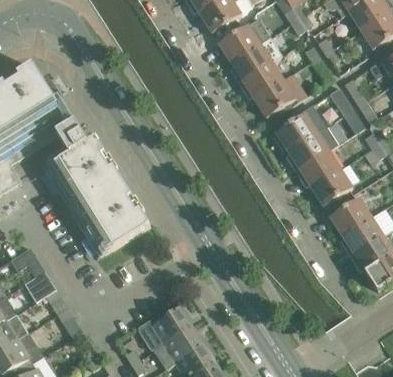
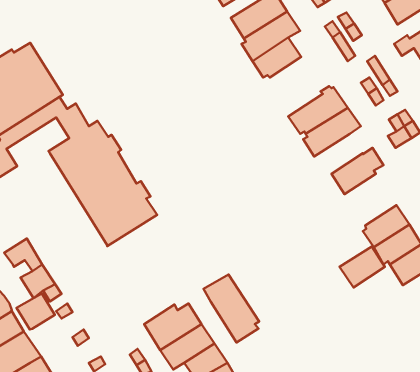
building: [254,75,304,117] -> none
building: [295,150,340,187] -> none
building: [329,197,371,235] -> [339,246,385,288]
building: none -> [203,275,259,343]
building: none -> [16,293,55,329]

